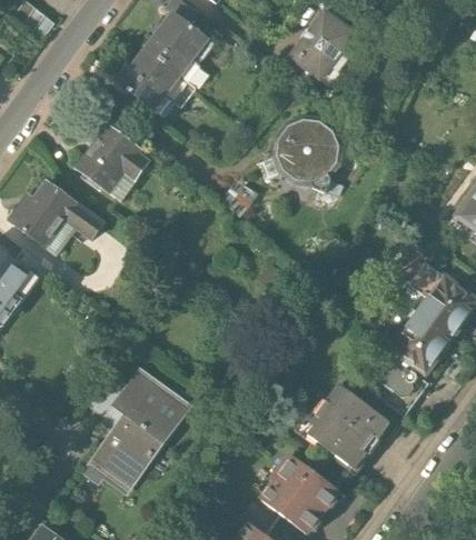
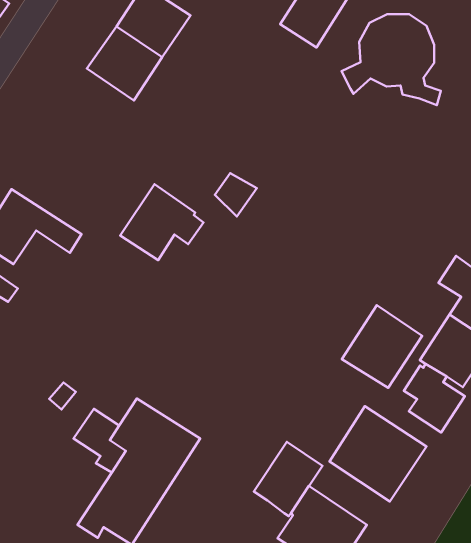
building: [258,117,343,198] -> [342,14,441,105]
building: [79,126,151,191] -> [120,184,203,260]
building: none -> [342,305,422,388]
building: none -> [254,442,323,516]

